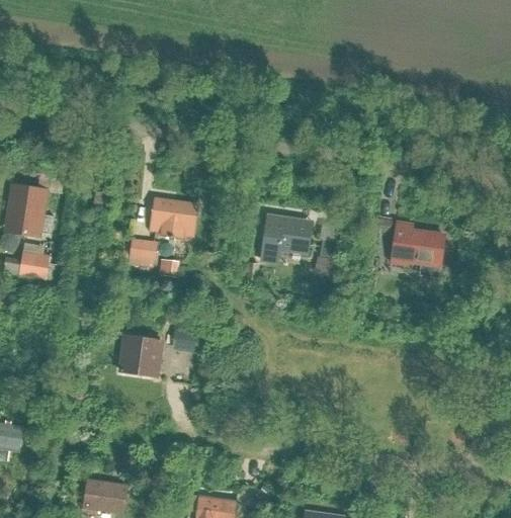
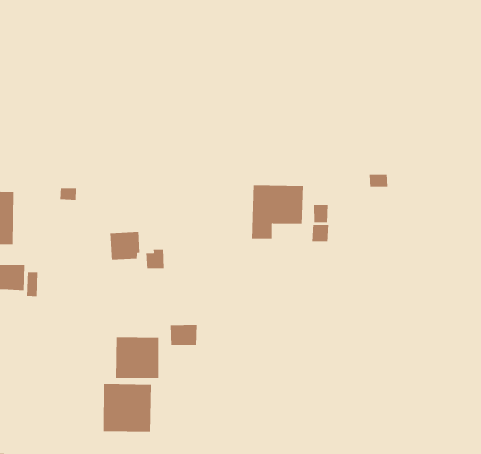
building: [149,196,199,239] -> none
building: [391,220,445,266] -> none
building: none -> [103,383,152,433]

